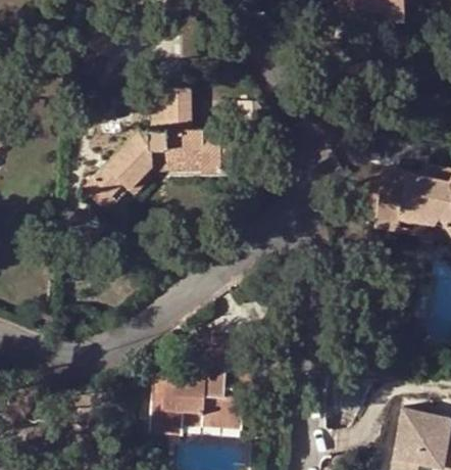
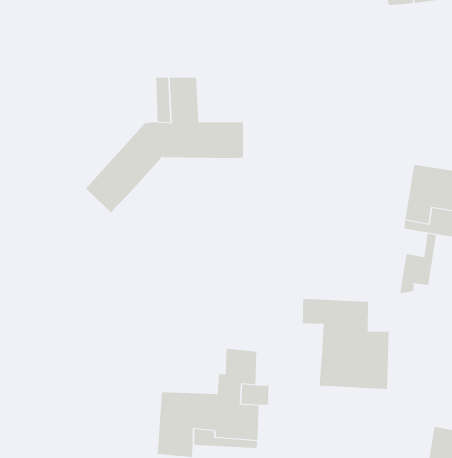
building: [129,162,221,195] -> none
building: none -> [400,233,437,294]
building: none -> [302,298,389,390]

